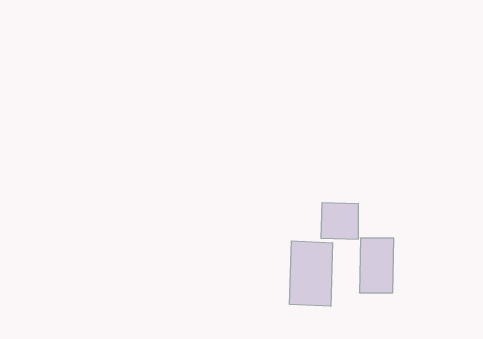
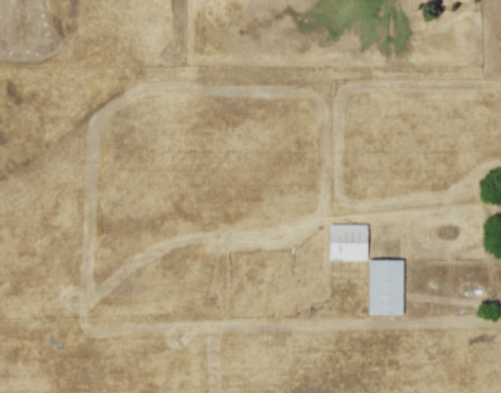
building: [290,241,332,306] -> none

